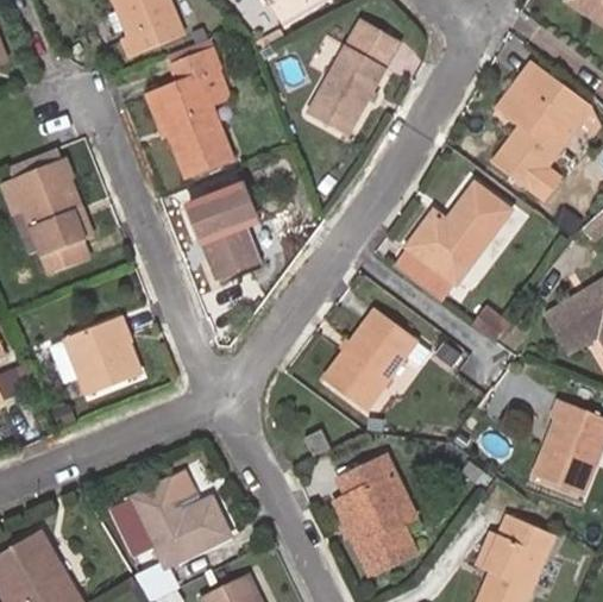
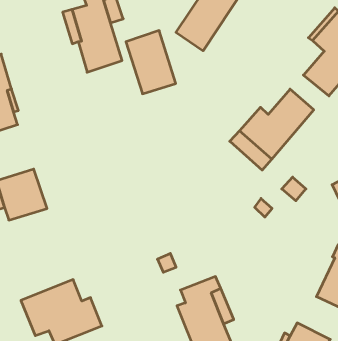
building: [188,187,263,278] -> [126,31,176,94]
building: [322,308,417,410] -> none

